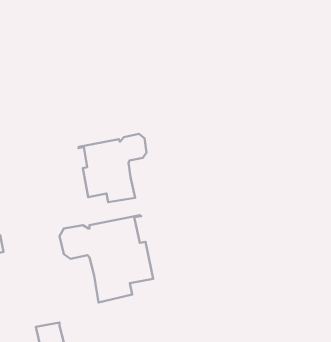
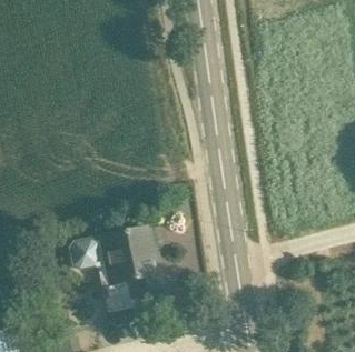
building: [78,134,146,202] -> none

